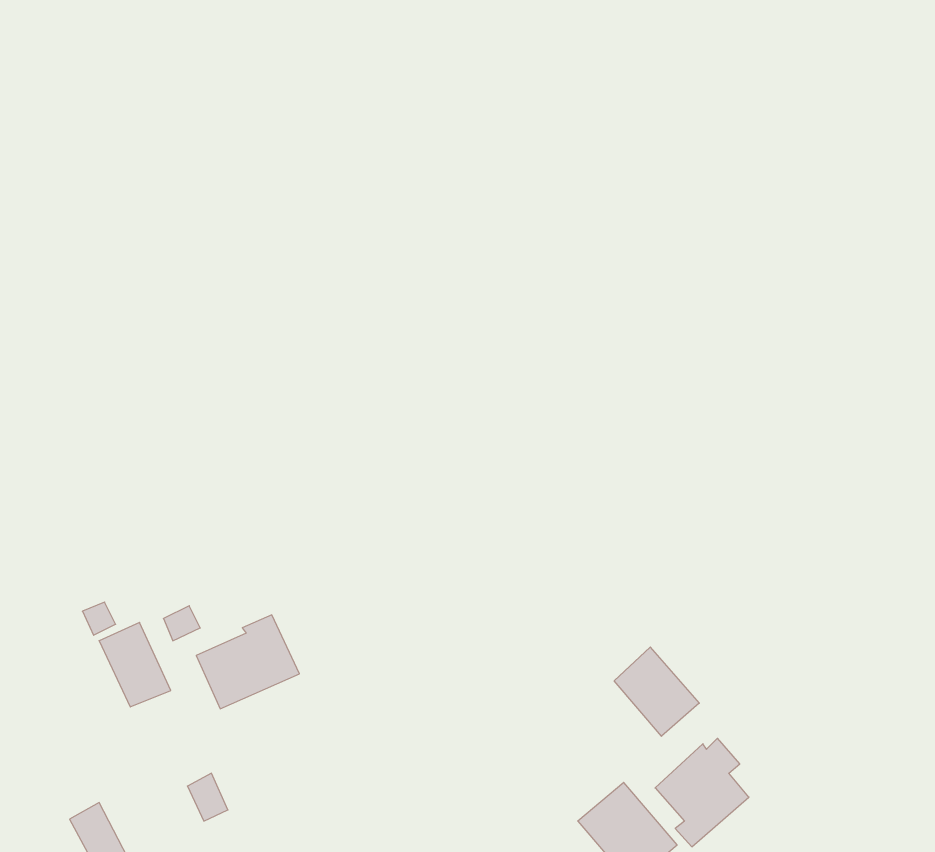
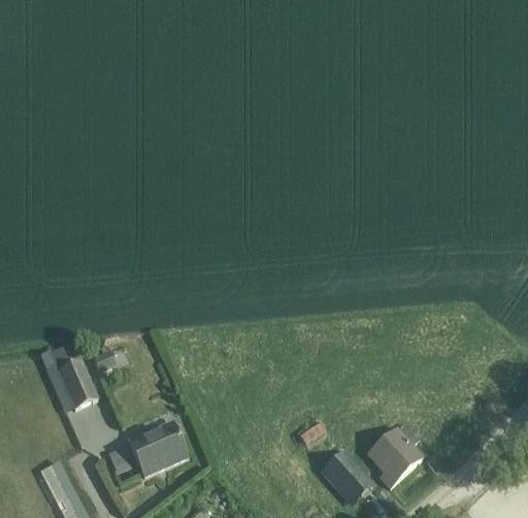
building: [196,615,299,709] -> [128,422,186,475]
building: [614,647,699,736] -> none

